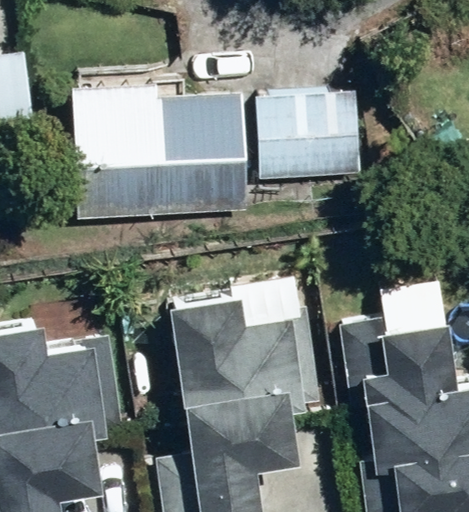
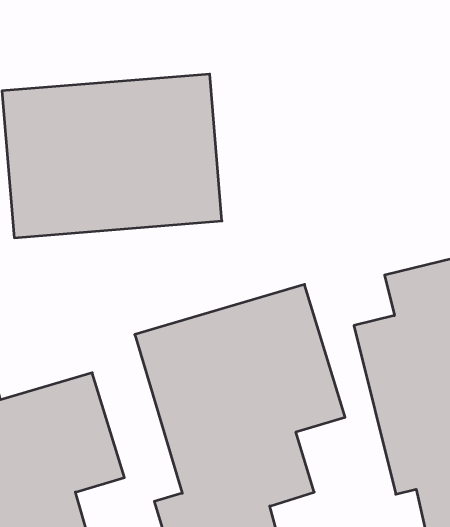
building: [256,89,369,177] -> none

